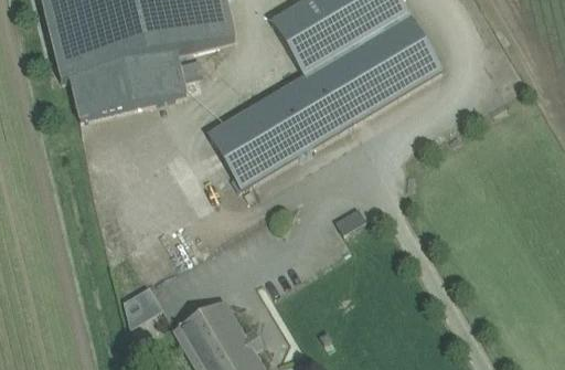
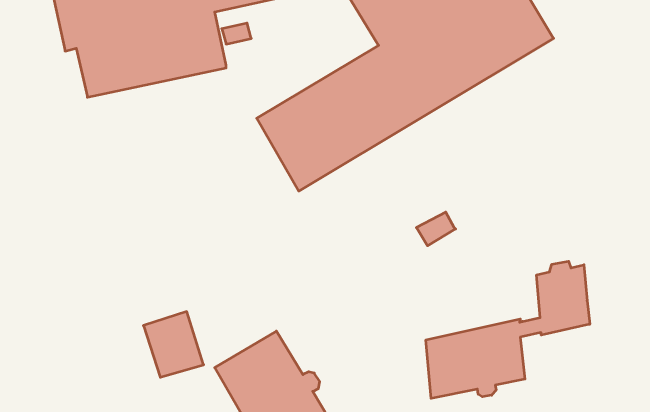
building: none -> [426,261,590,398]

